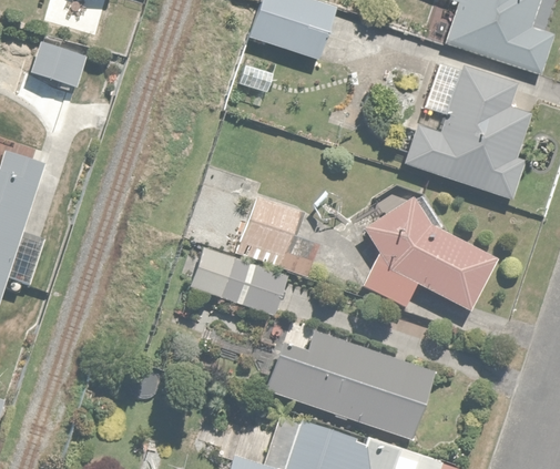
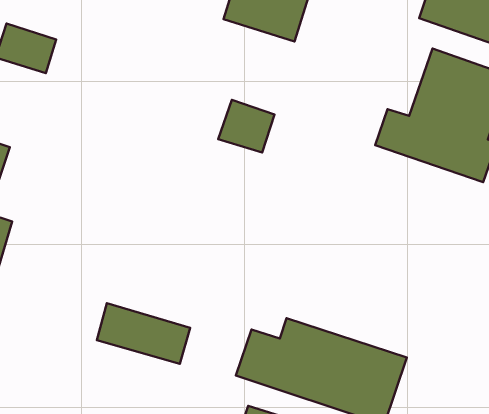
building: [362,194,497,315] -> none
building: [242,201,297,253] -> [218,100,274,153]
building: [192,252,284,312] -> [97,303,190,364]

